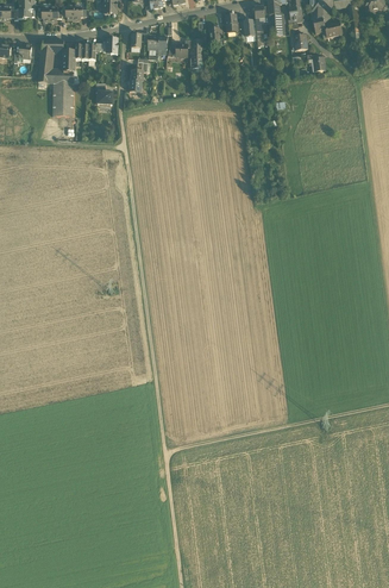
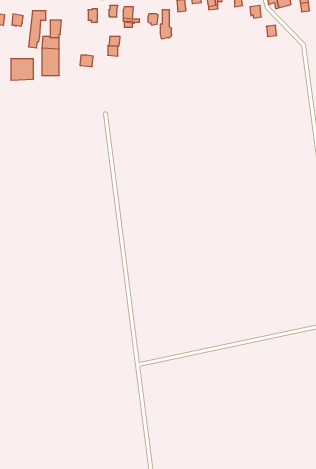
building: none -> [11,58,33,80]

